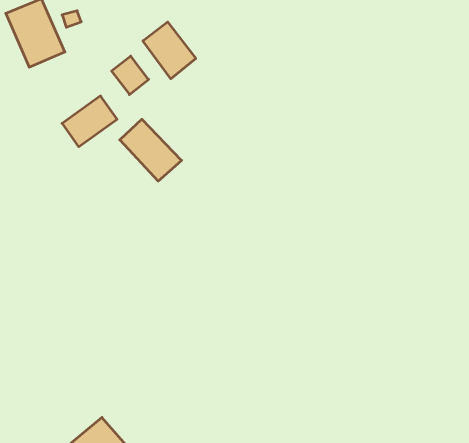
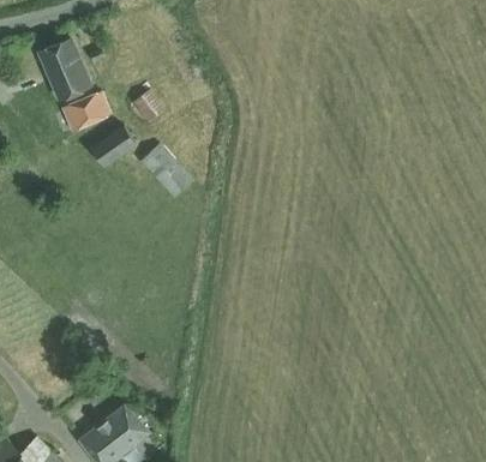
building: [143,22,196,79] -> none
building: none -> [64,92,112,131]

